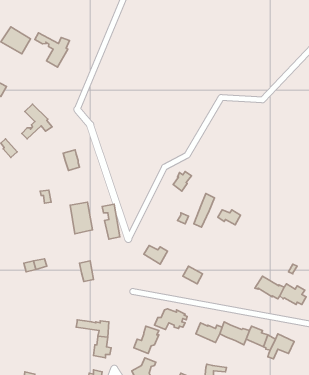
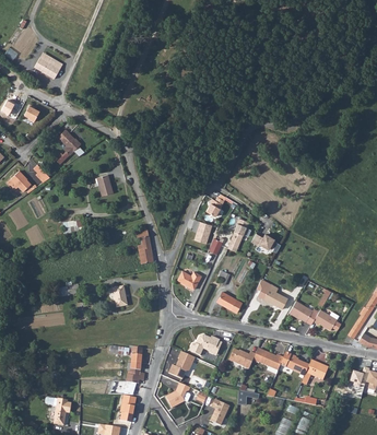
building: [35,33,70,67] -> none
building: [70,202,93,234] -> none
building: none -> [257,280,288,309]

